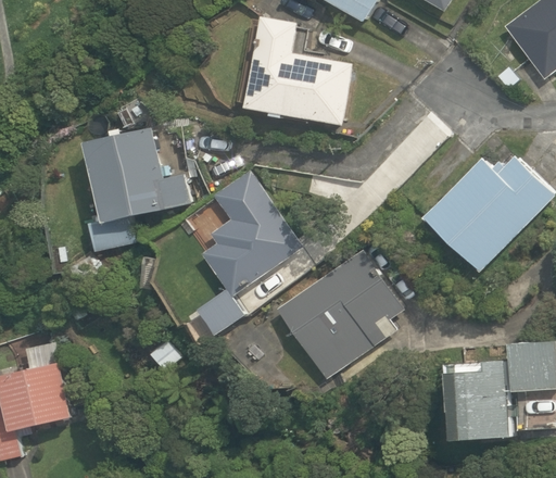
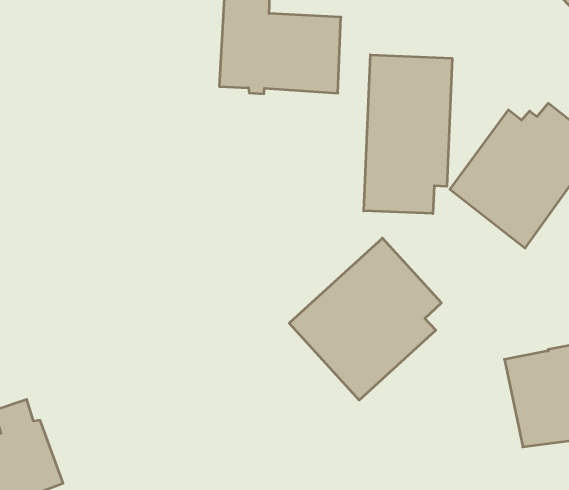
building: none -> [364,55,452,214]
building: [86,126,190,253] -> none
building: [197,171,302,335] -> none

